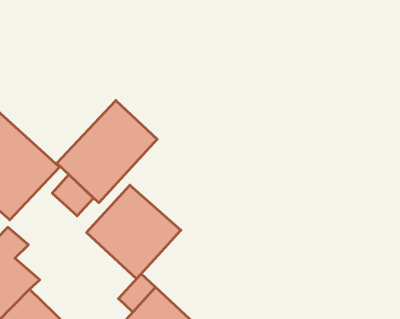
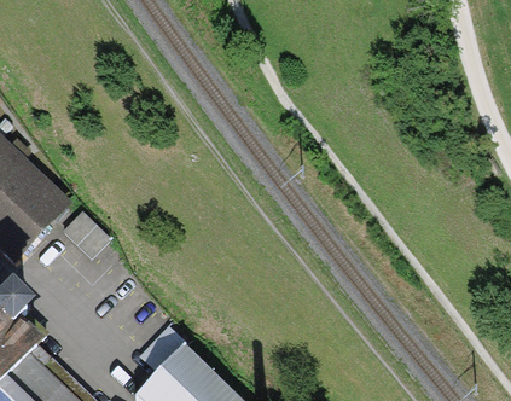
building: [57,100,157,203] -> none
building: [87,185,181,279] -> none

